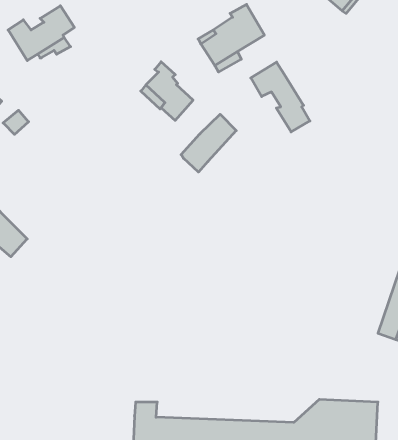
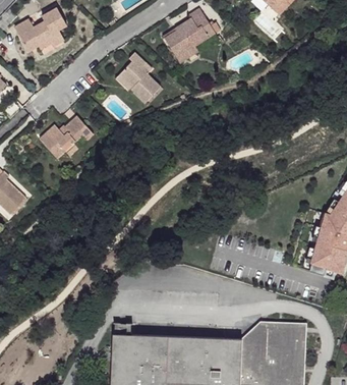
building: [251,62,310,132] -> none
building: [181,114,236,172] -> none
building: none -> [40,115,95,159]

